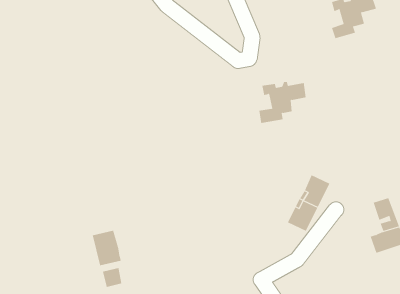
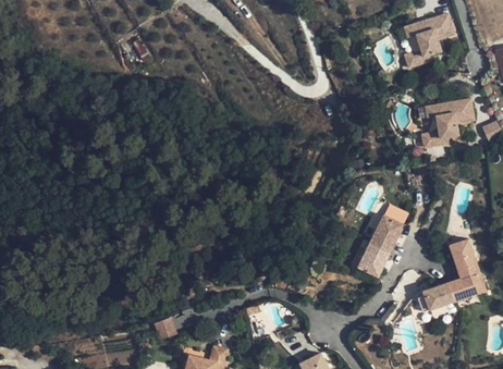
building: [258,81,306,123] -> [421,101,474,147]
building: [92,230,121,266] -> none
building: none -> [418,282,453,311]

